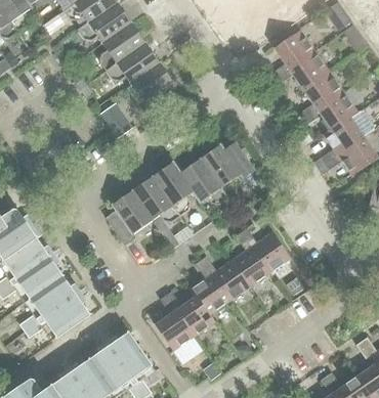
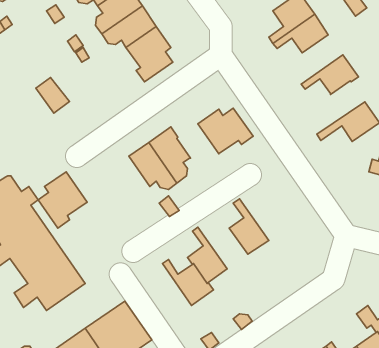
building: [298,71,342,119] -> none
building: [100,102,133,137] -> [36,78,69,113]
building: [312,116,364,168] -> none
building: [179,158,228,204] -> none
building: [104,189,153,245] -> [38,172,87,228]
building: [241,227,290,272] -> none
building: [200,256,249,300] -> none
building: [155,295,194,350] -> none

